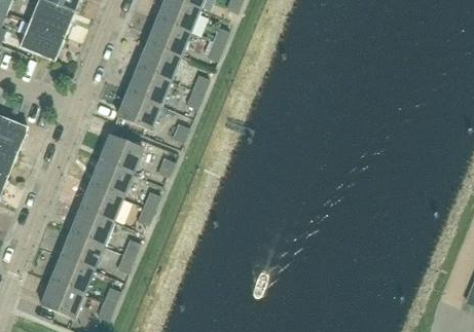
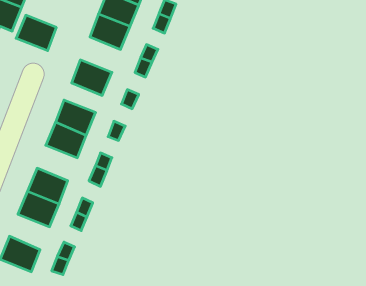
building: [127,65,171,103] -> [16,15,56,51]
building: [81,181,124,219] -> none
building: [51,255,95,293] -> none

